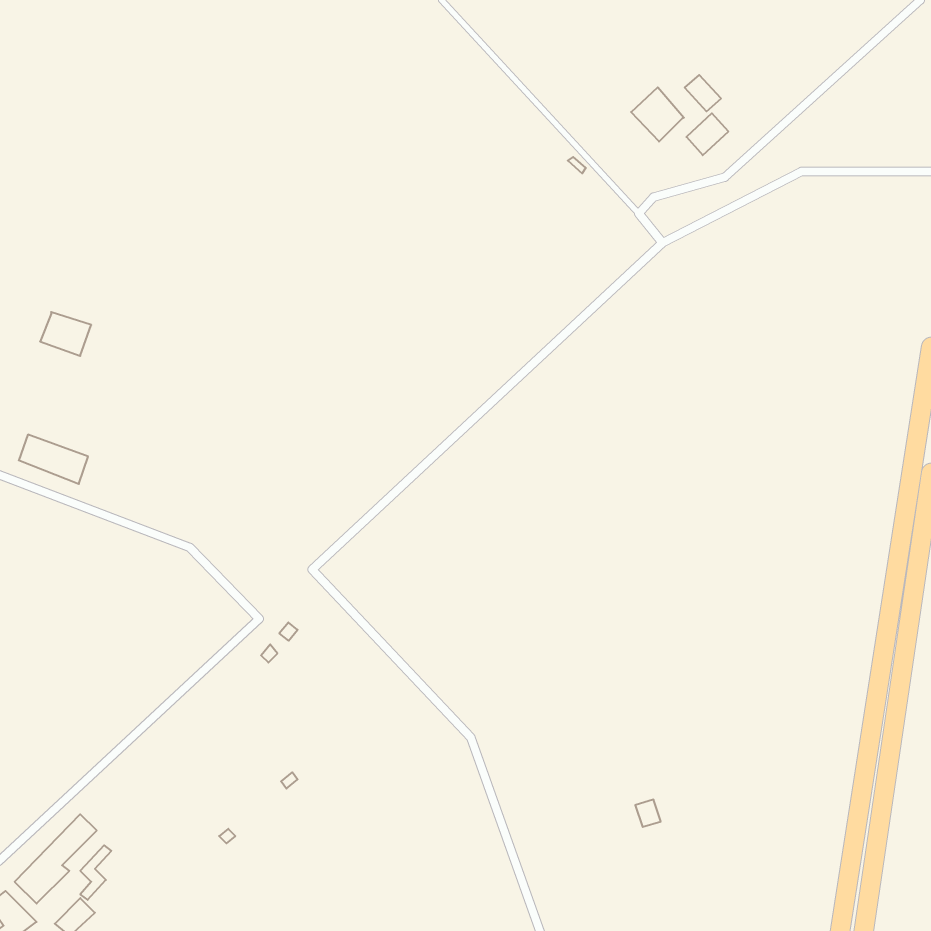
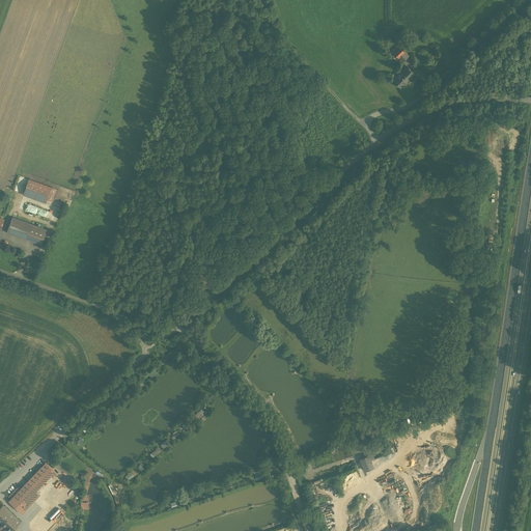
building: [631,87,684,142] -> none
building: [19,435,88,484] -> [7,217,47,245]

